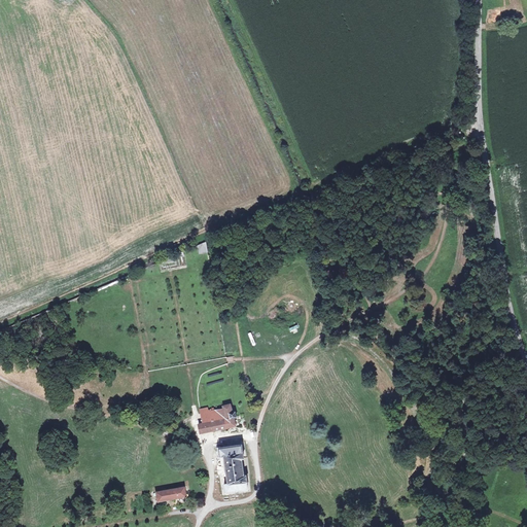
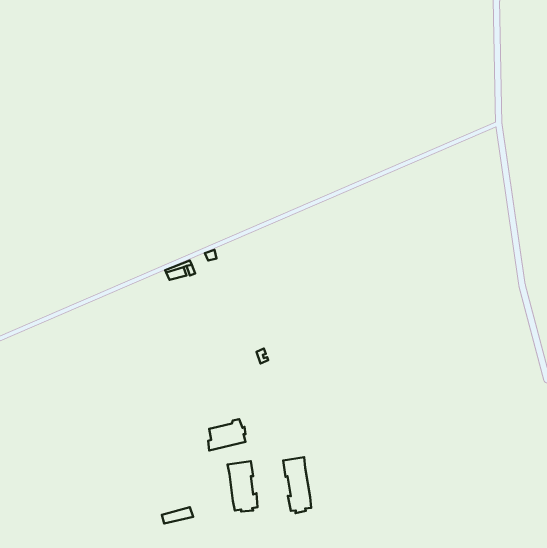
building: none -> [283,457,311,513]

